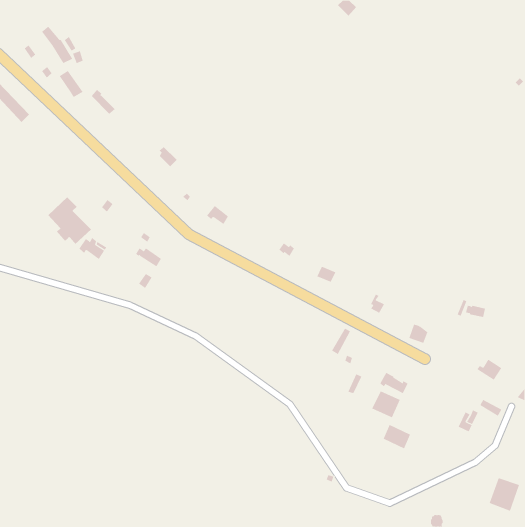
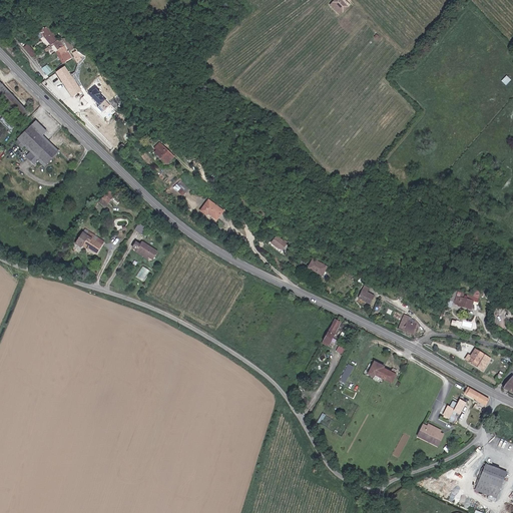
building: [47,197,92,245] -> [17,120,60,167]
building: [372,390,400,418] -> none
building: [383,424,411,449] -> [416,423,443,447]

